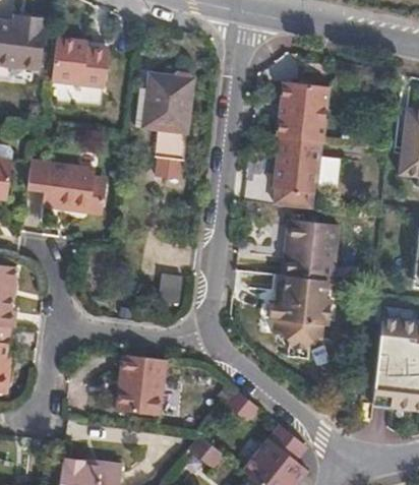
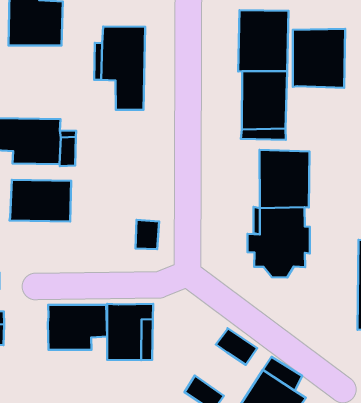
building: none -> [293,29,345,88]
building: none -> [10,180,71,222]
building: none -> [48,305,107,350]

